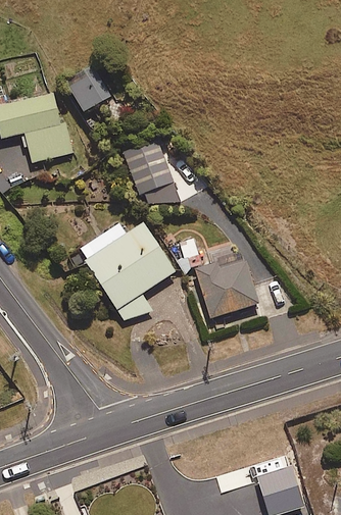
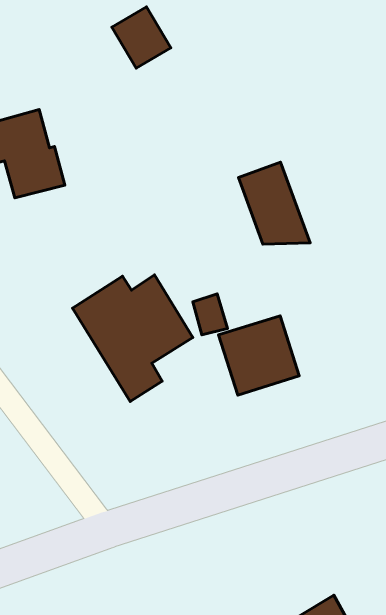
building: [64,63,111,112] -> [112,7,171,68]
building: [124,138,181,203] -> [238,162,310,244]

